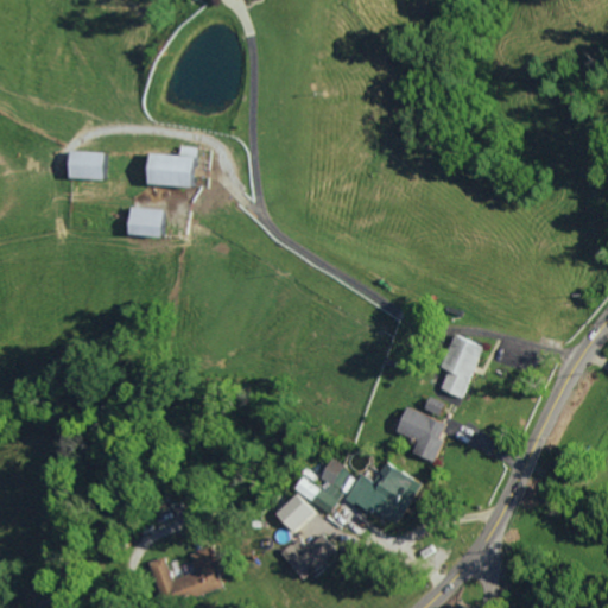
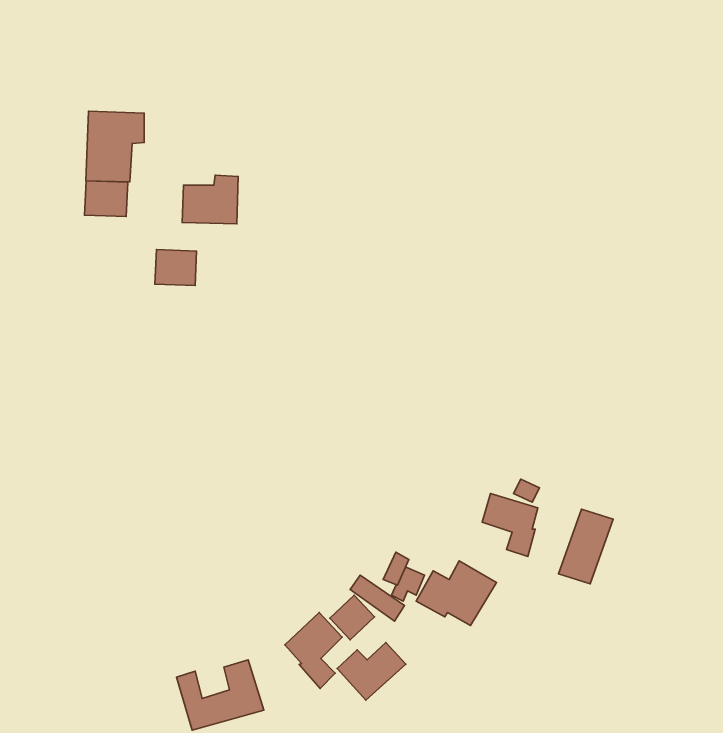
building: none -> [86,111,144,182]
building: [438,335,483,397] -> [559,509,613,584]
building: none -> [285,613,342,688]

